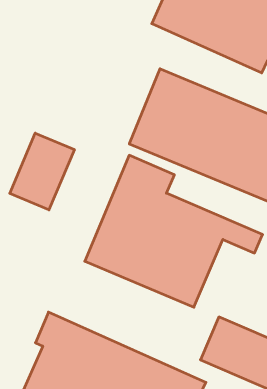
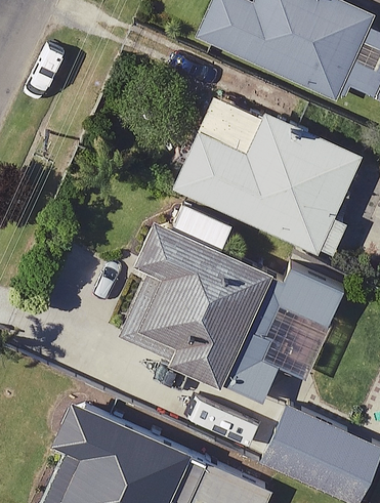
building: [10,133,74,210] -> none

